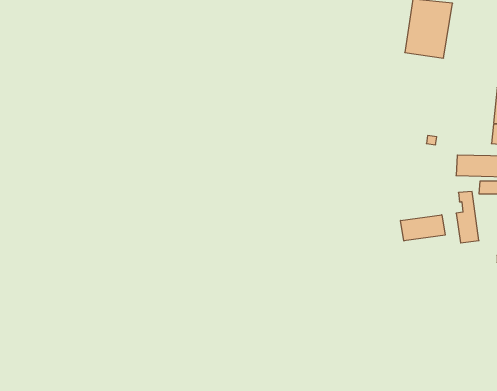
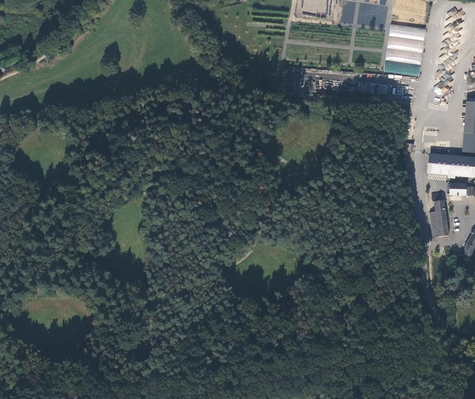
building: [401,215,445,241] -> none

